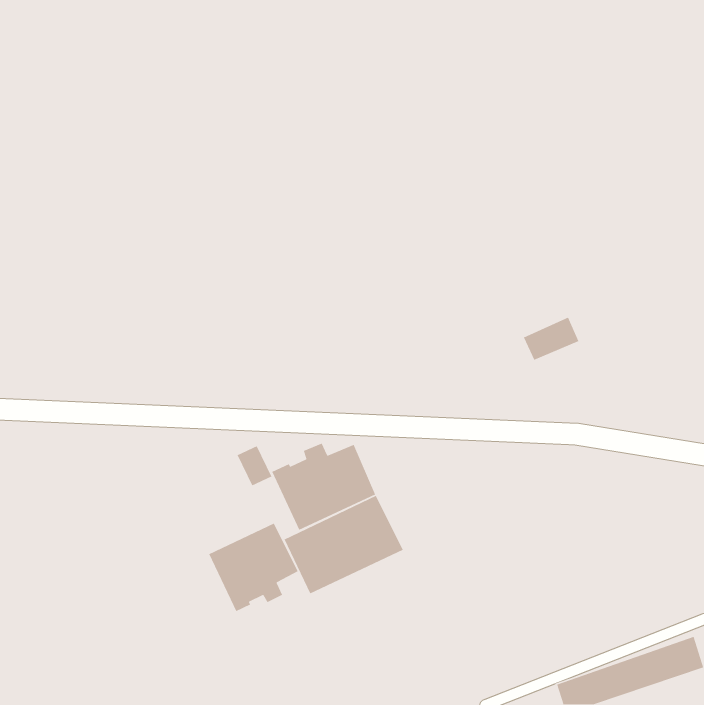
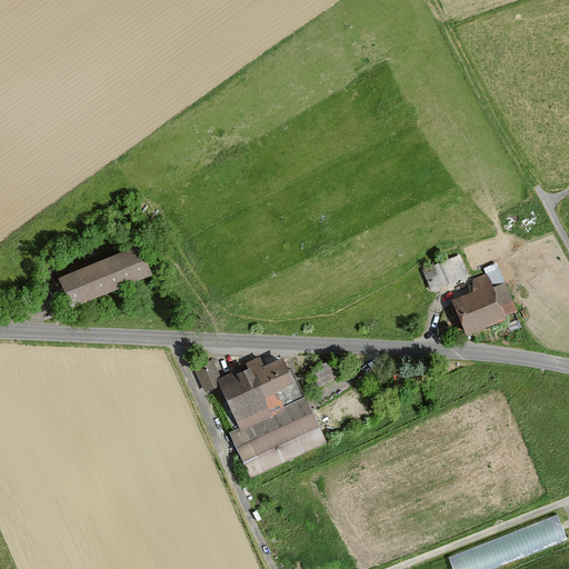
building: none -> [57,246,152,308]
building: none -> [452,273,516,336]
building: [208,523,299,612] -> none

